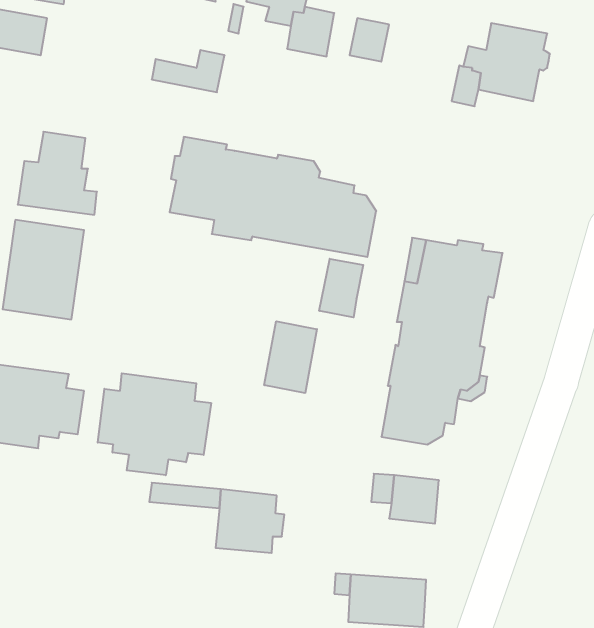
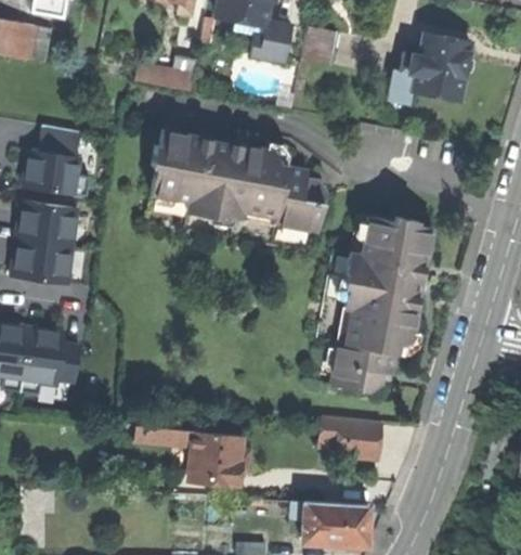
building: [319,259,363,317] -> none
building: [264,321,317,393] -> none
building: [98,373,211,475] -> none

